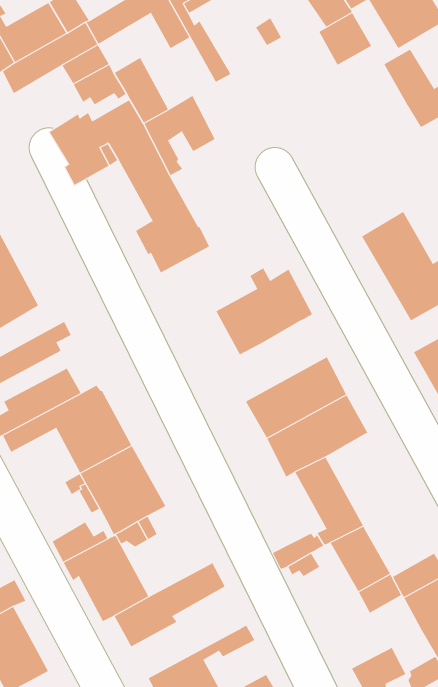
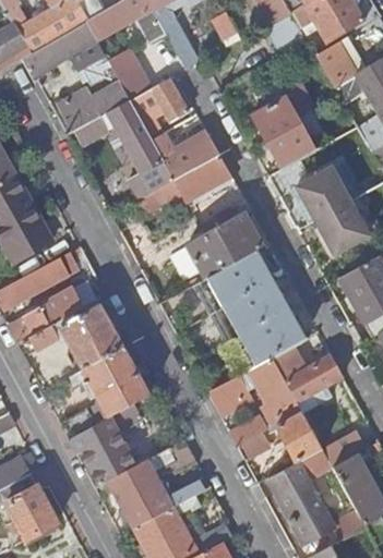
building: none -> [252,82,315,169]
building: none -> [152,130,234,209]
building: none -> [193,250,273,314]
building: none -> [272,348,343,412]
building: none -> [208,372,252,414]
building: none -> [121,478,205,527]
building: none -> [276,480,323,520]

